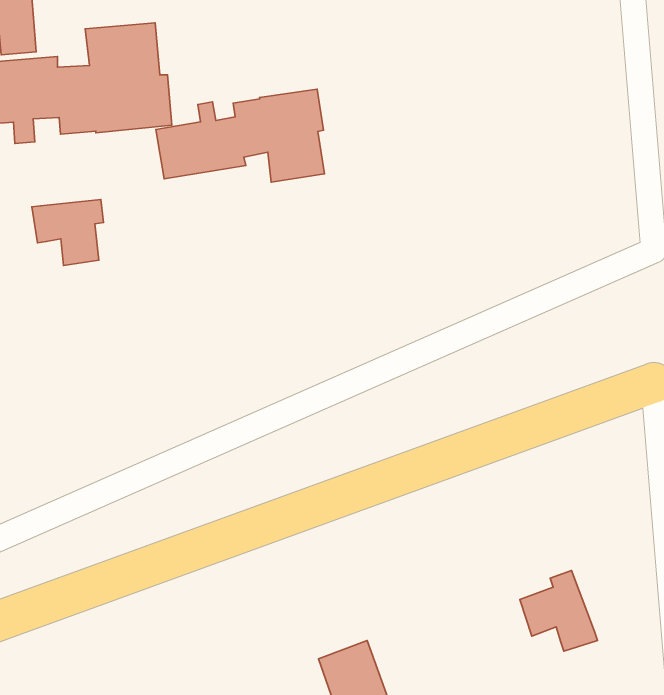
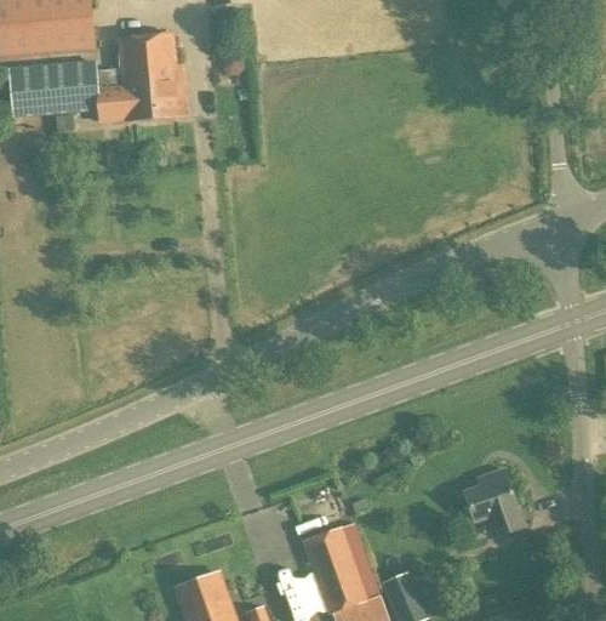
building: [156,89,324,182] -> none
building: [32,199,104,265] -> none

